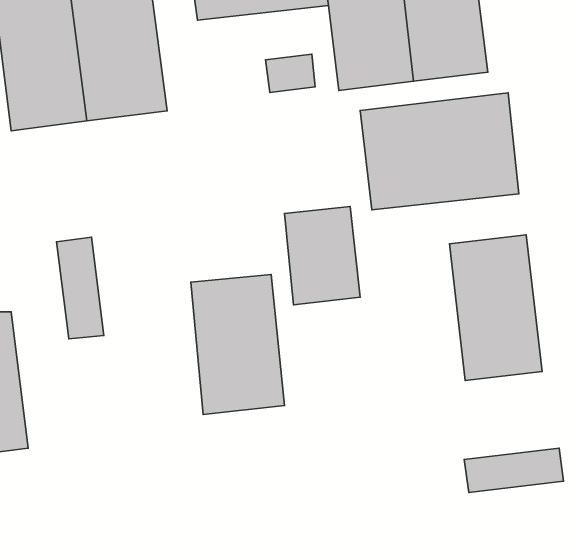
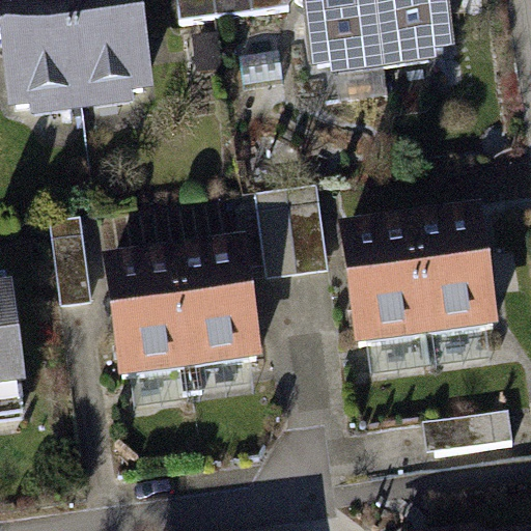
building: [360,93,519,210] -> none
building: none -> [343,224,427,358]
building: none -> [104,259,187,388]

